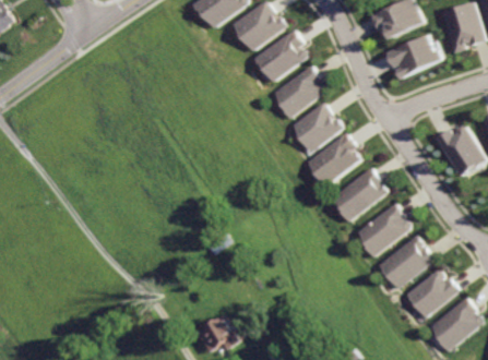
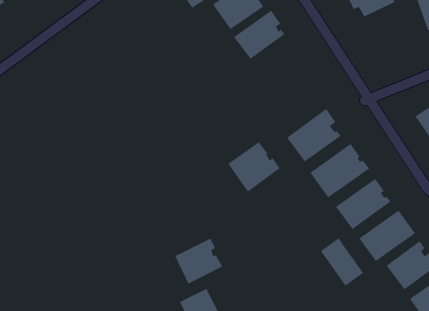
building: [384,35,438,79] -> none
building: [267,65,322,118] -> none
building: [289,101,344,154] -> [228,142,281,192]
building: none -> [320,238,364,286]
building: none -> [174,238,223,284]

